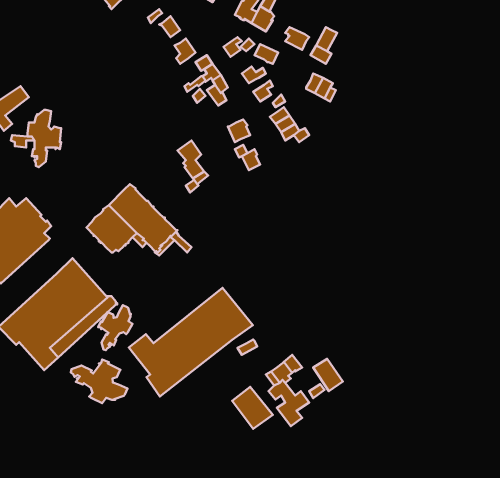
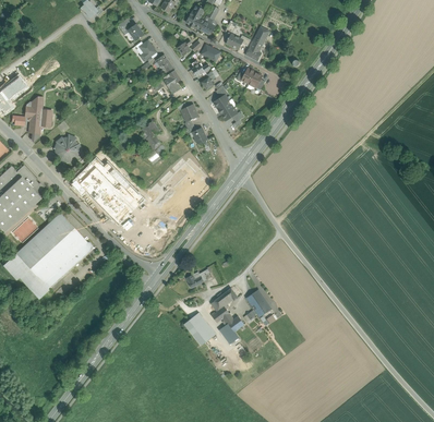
building: none -> [55,134,81,161]
building: [129,288,253,396] -> none
building: [98,305,132,350] -> none
building: [71,360,128,403] -> none

